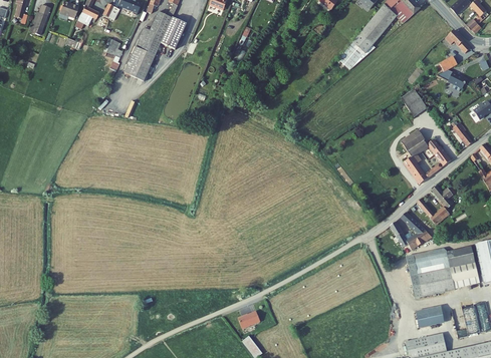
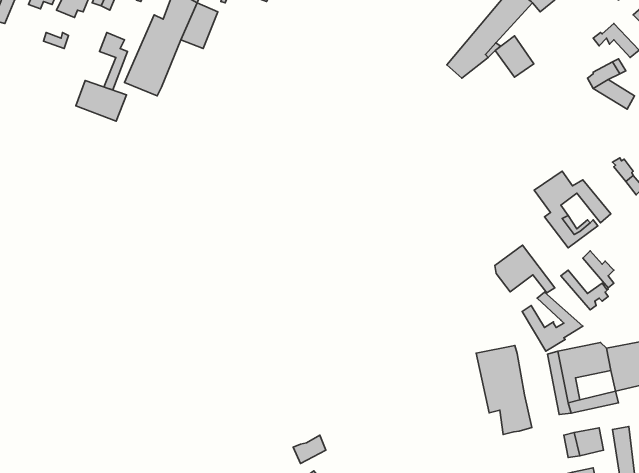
building: none -> [76,81,126,121]
building: [400,88,426,116] -> [495,36,534,77]
building: none -> [495,245,555,293]
building: none -> [476,346,532,435]

